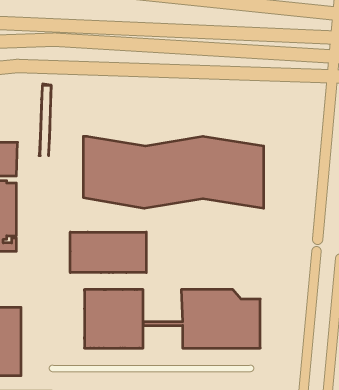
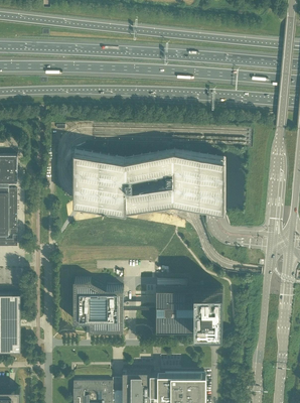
building: [70,232,146,273] -> none

